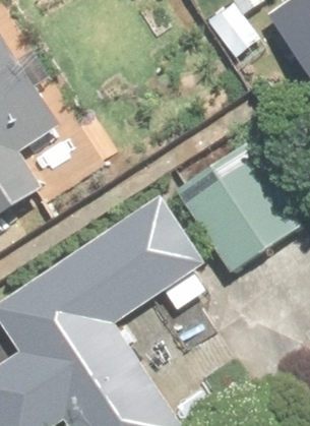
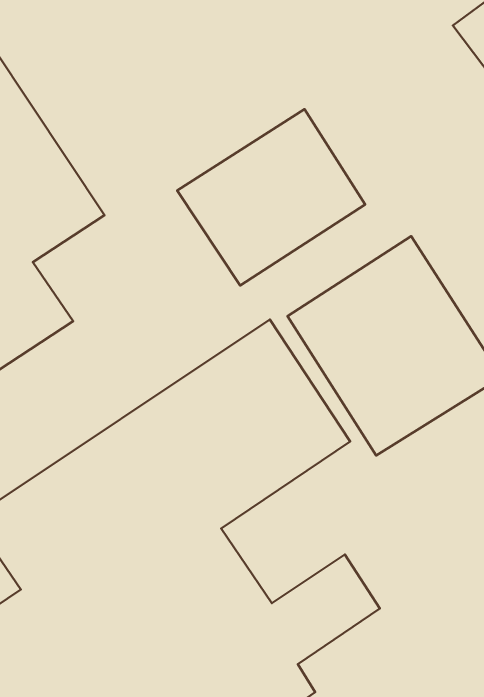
building: none -> [177,109,365,285]

